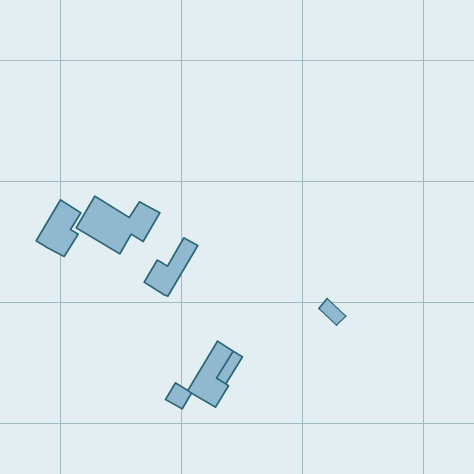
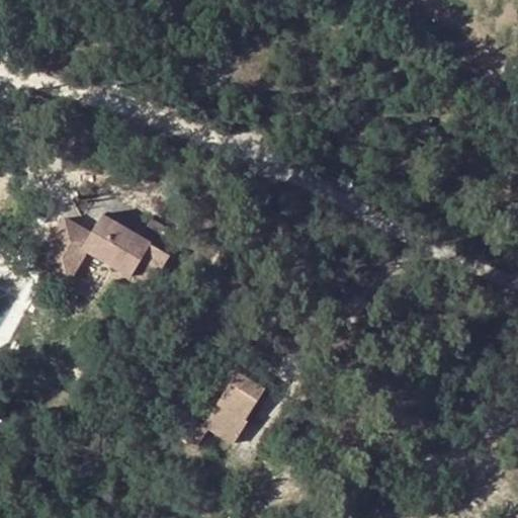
building: [144,238,198,296] -> none

